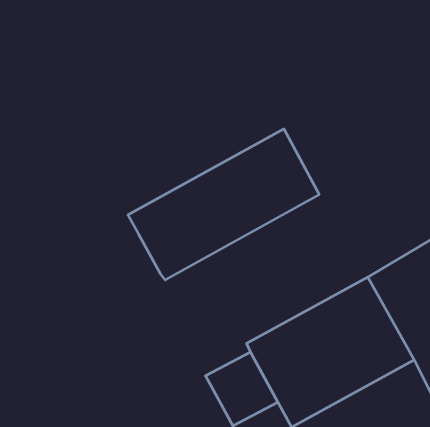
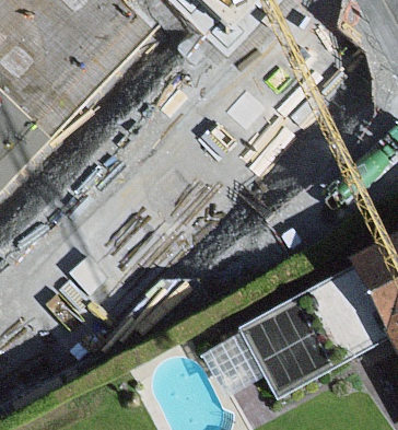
building: [128,129,319,280] -> none

